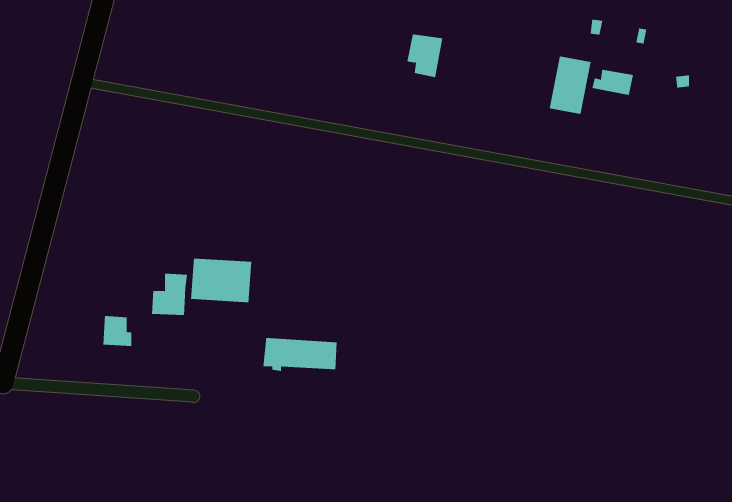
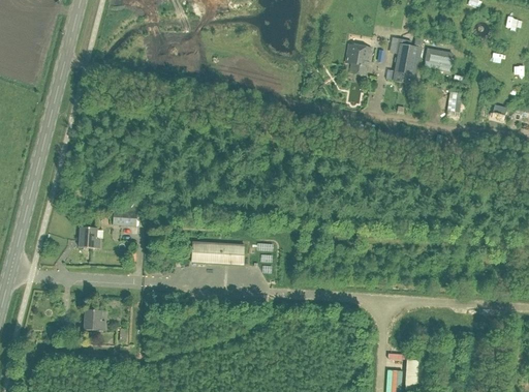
building: [406,34,443,78] -> [344,41,370,72]
building: [191,258,252,303] -> none
building: none -> [82,307,103,330]

